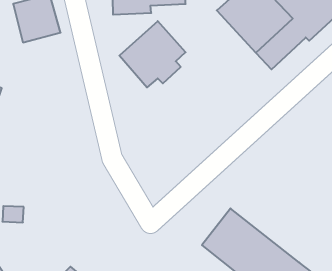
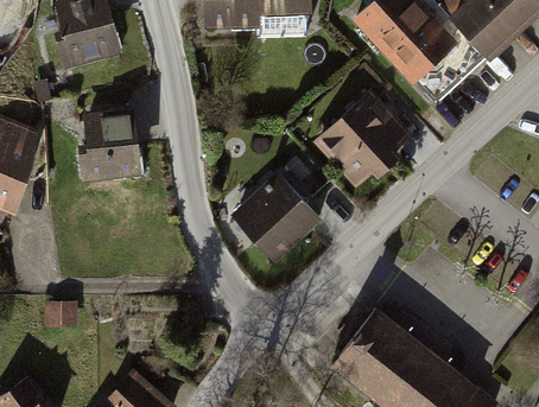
building: [119,21,186,87] -> [313,89,410,185]
building: none -> [81,114,146,183]
building: none -> [229,171,319,261]

